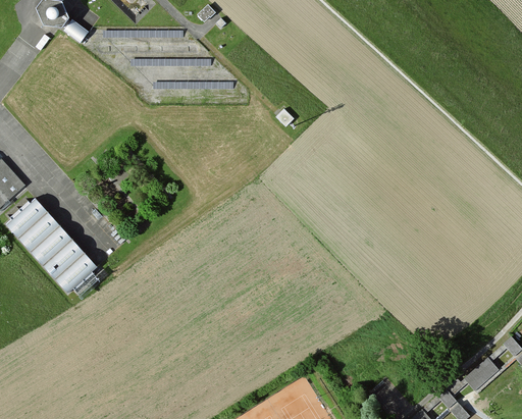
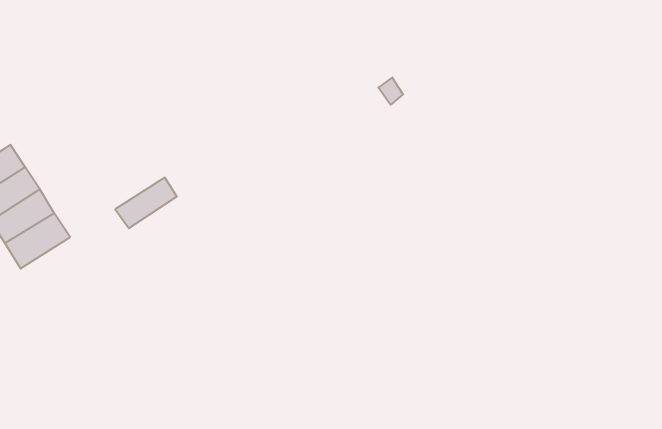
building: [56,254,96,292] -> [115,178,177,228]

